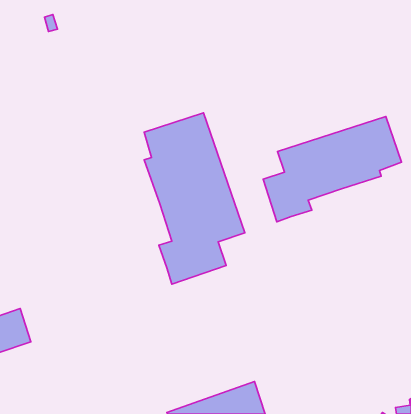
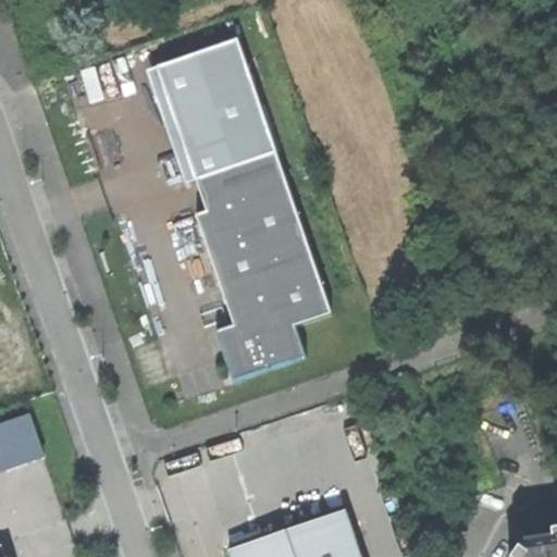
building: none -> [157,40,273,177]
building: [263,116,401,222] -> none

